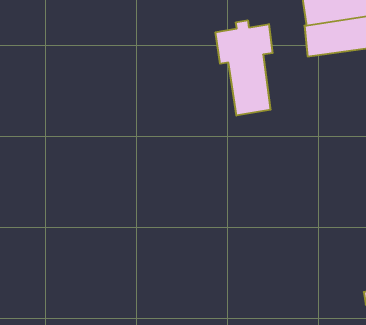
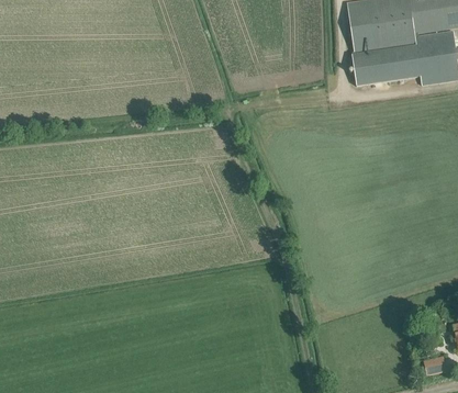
building: [216,20,273,116] -> none

